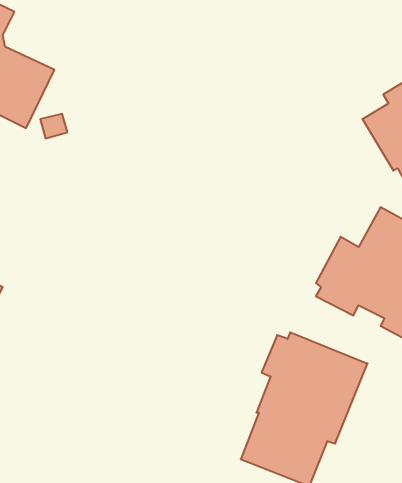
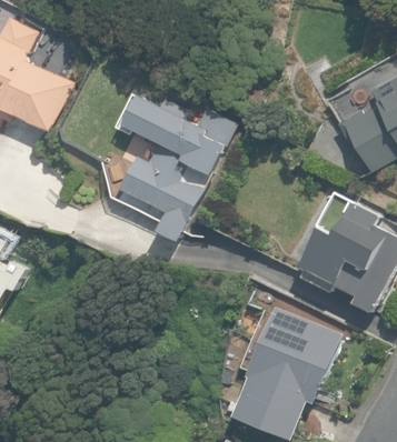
building: none -> [117,94,238,239]

